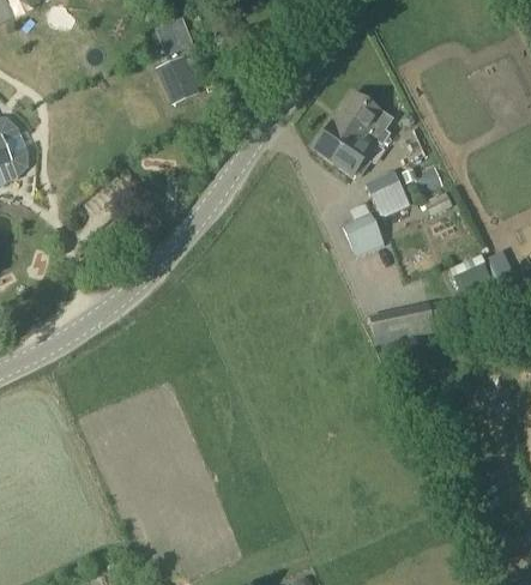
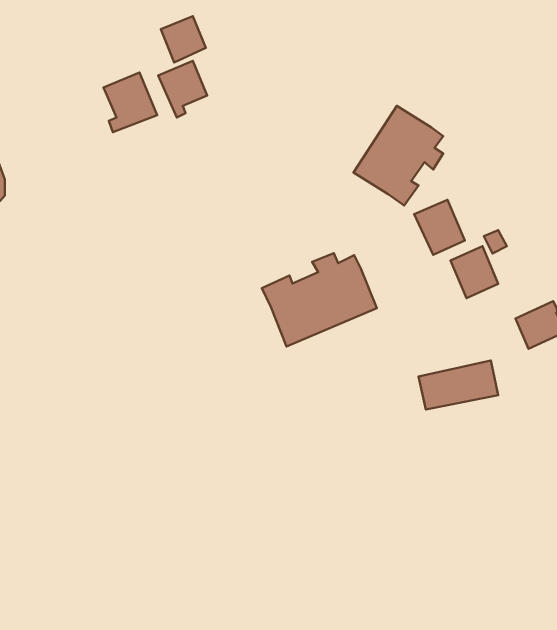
building: none -> [104,73,157,132]
building: [343,213,382,257] -> [451,246,498,298]
building: none -> [262,253,377,346]

